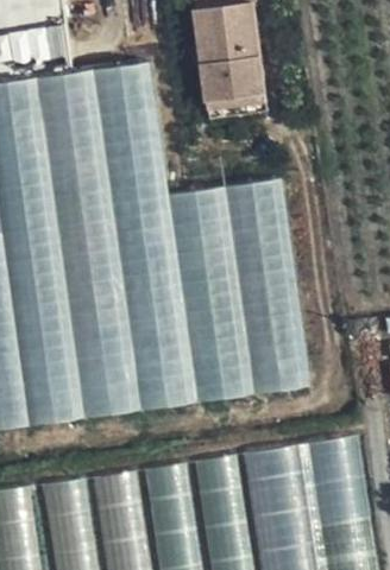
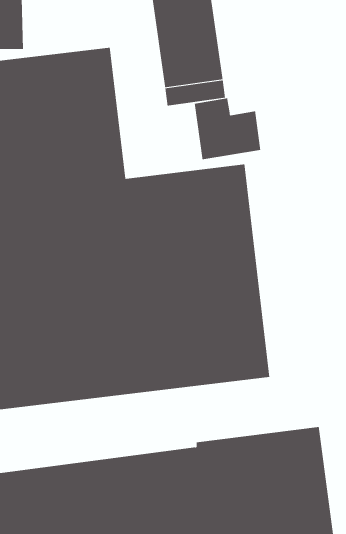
building: none -> [194,98,261,160]

